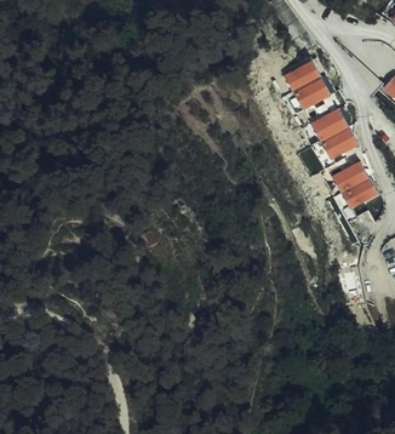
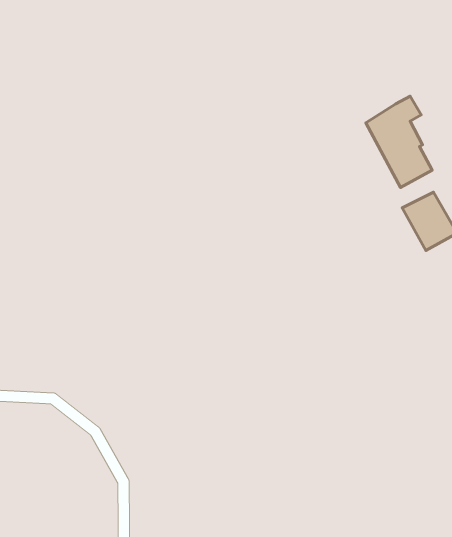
building: [285,61,327,109] -> none

